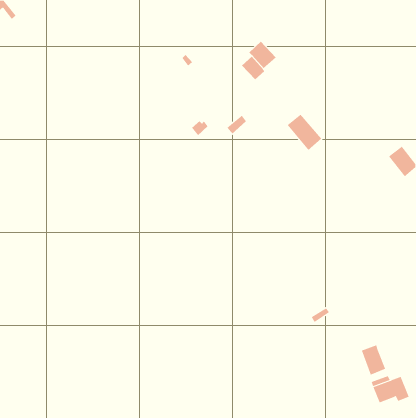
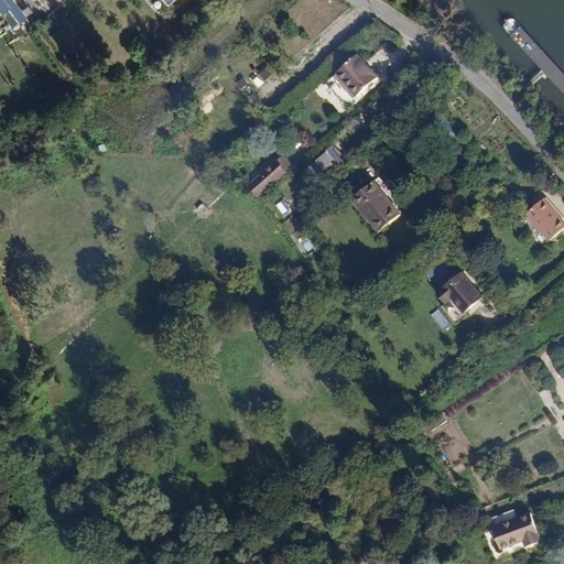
building: [287,114,322,151] -> [354,178,401,228]
building: none -> [438,273,480,321]
building: [361,344,386,376] -> none

